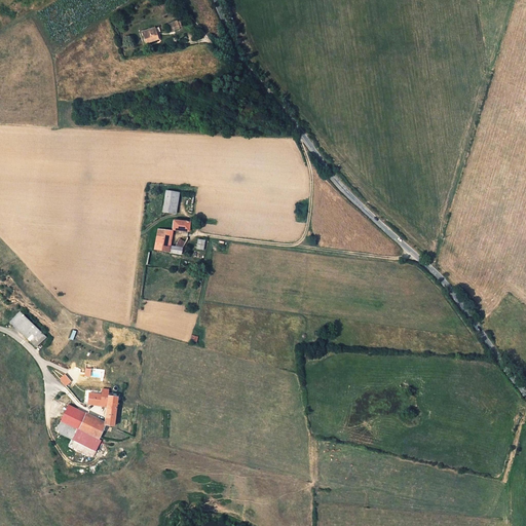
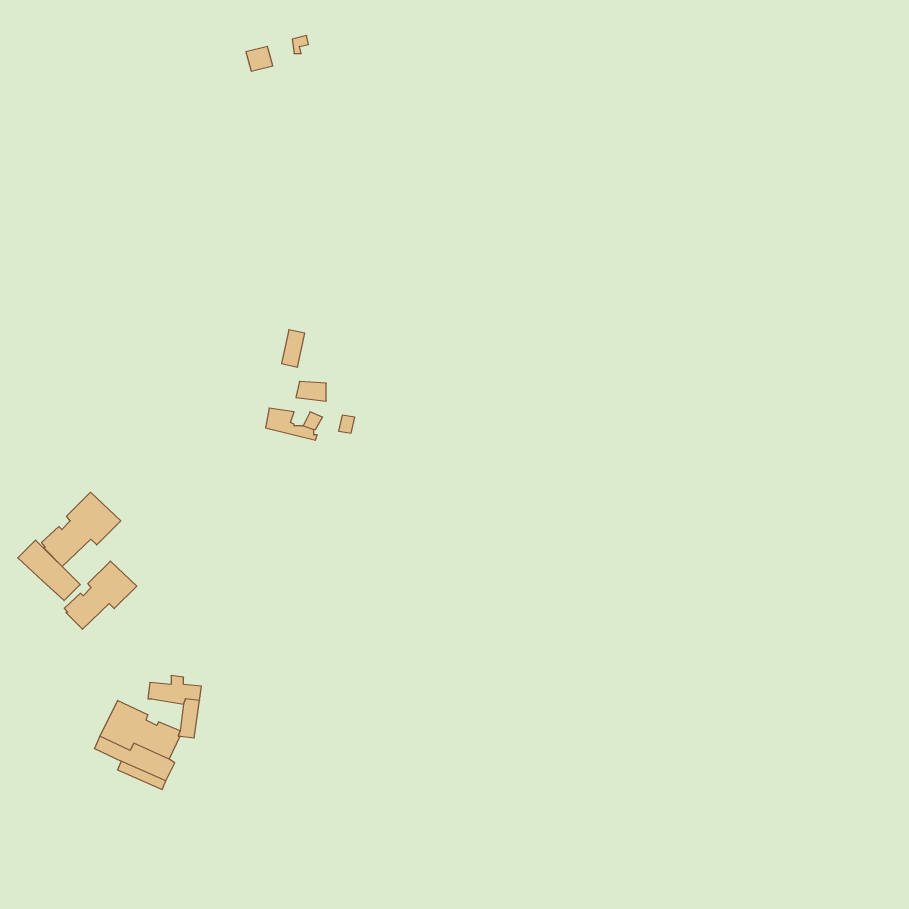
building: none -> [42,492,121,567]
building: none -> [64,561,137,629]

